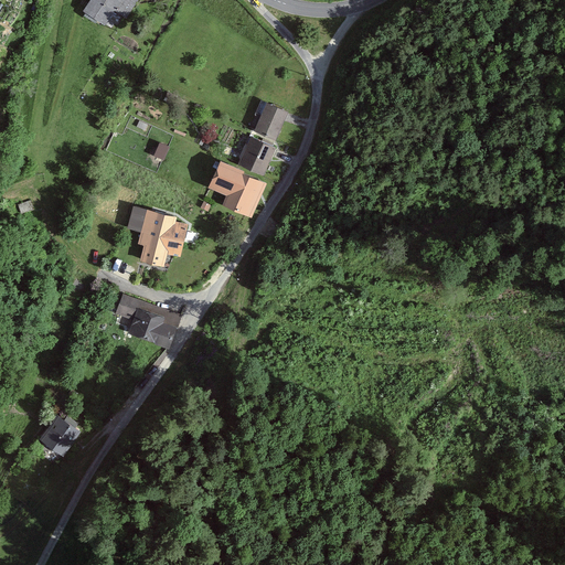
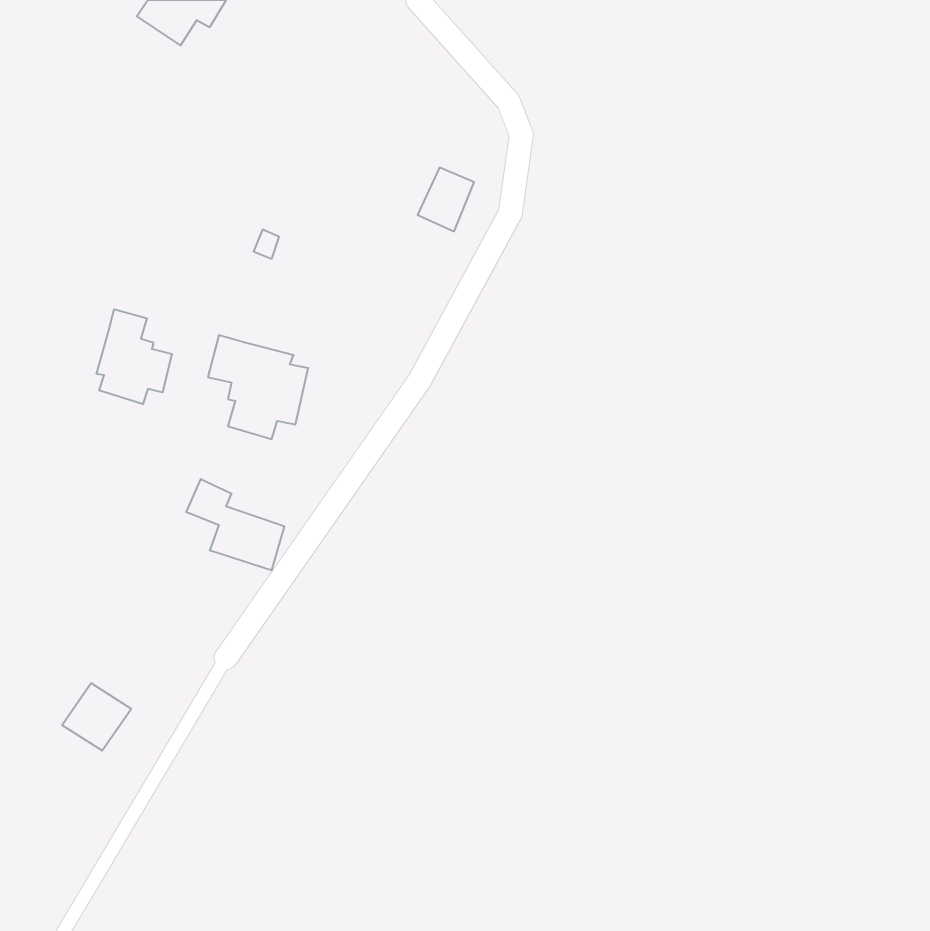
building: [237,136,274,174] -> none
building: [207,160,265,216] -> none
building: none -> [97,309,172,404]

